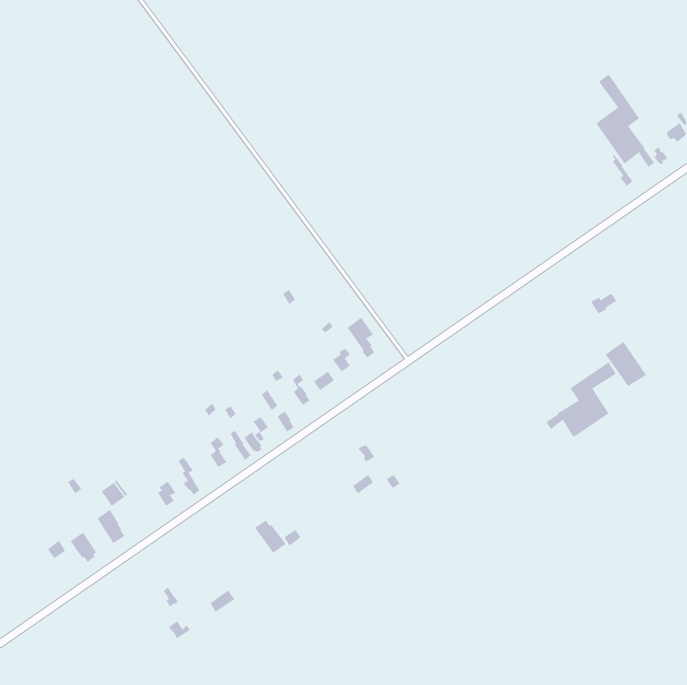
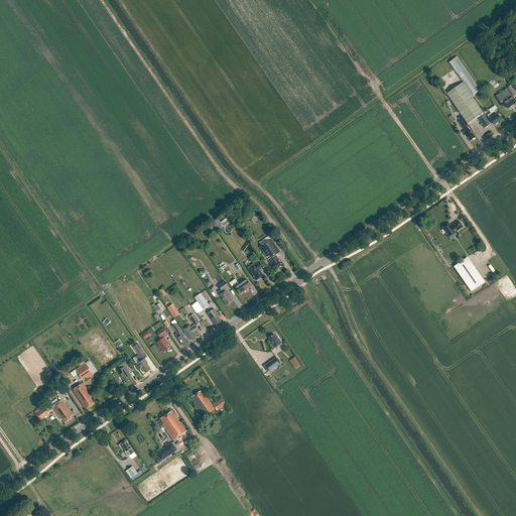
building: [546,362,616,438] -> none
building: none -> [160,409,186,439]

